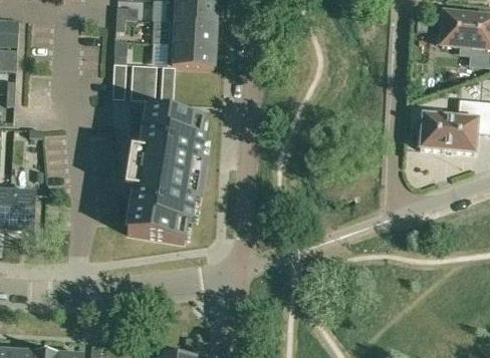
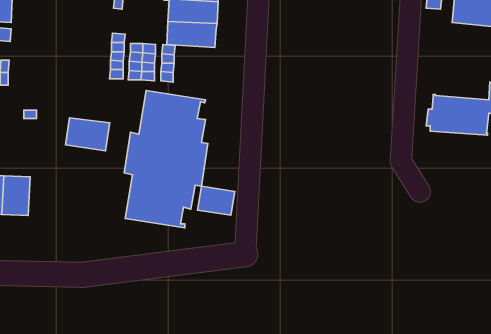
building: none -> [65,118,110,151]
building: none -> [197,186,235,215]

